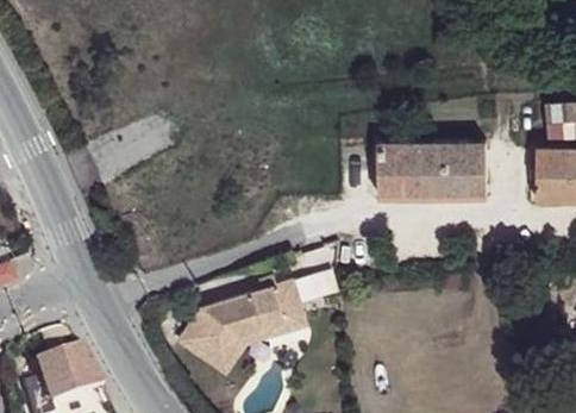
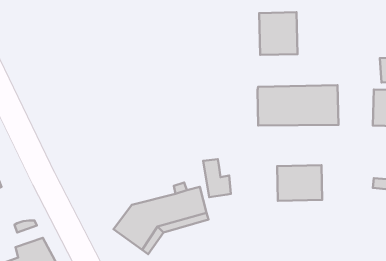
building: none -> [259,12,298,55]
building: none -> [277,165,322,201]

